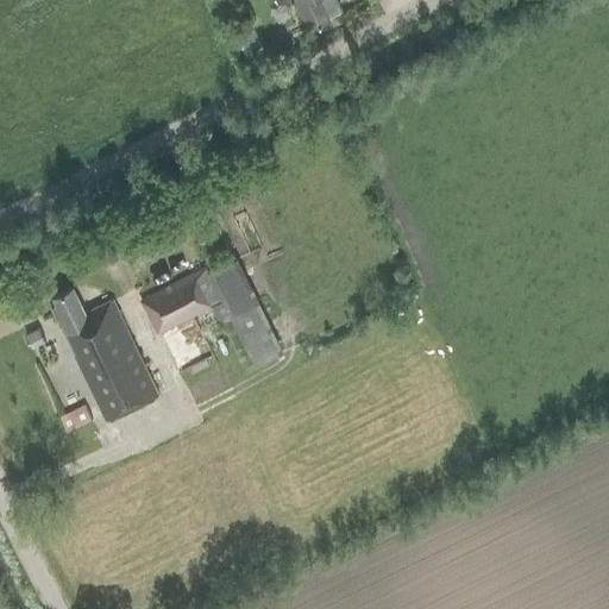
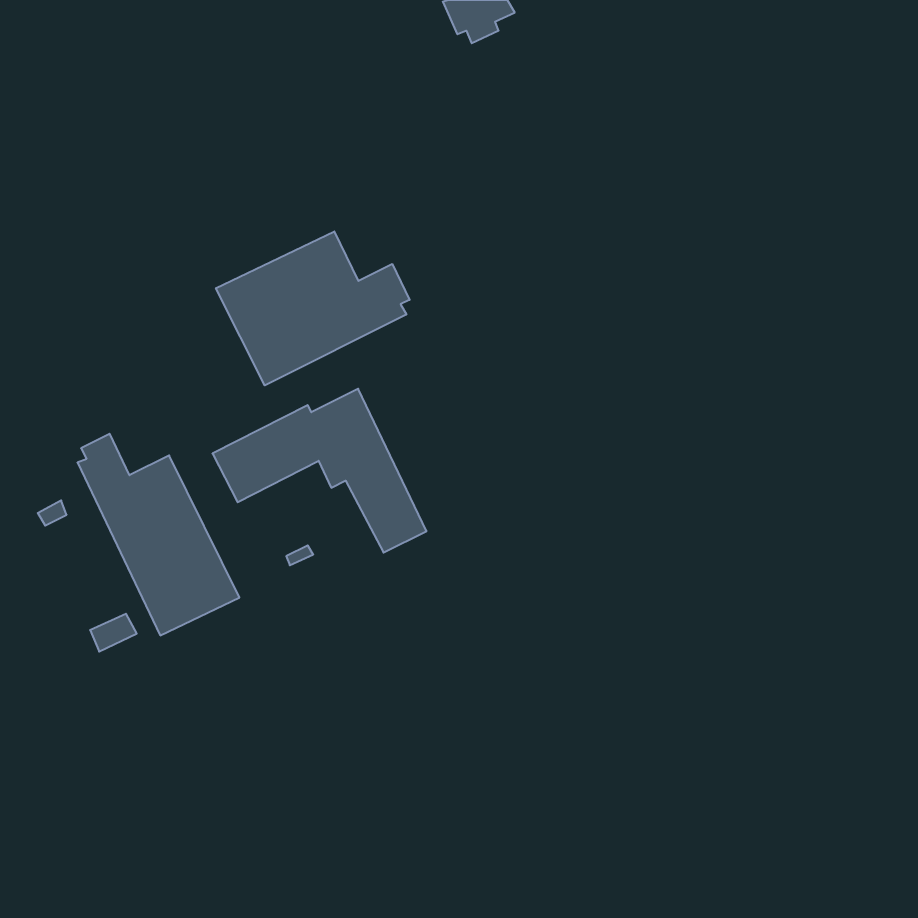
building: none -> [216,231,410,385]

